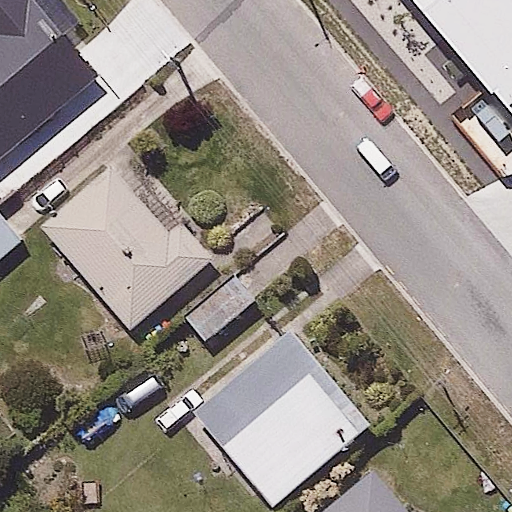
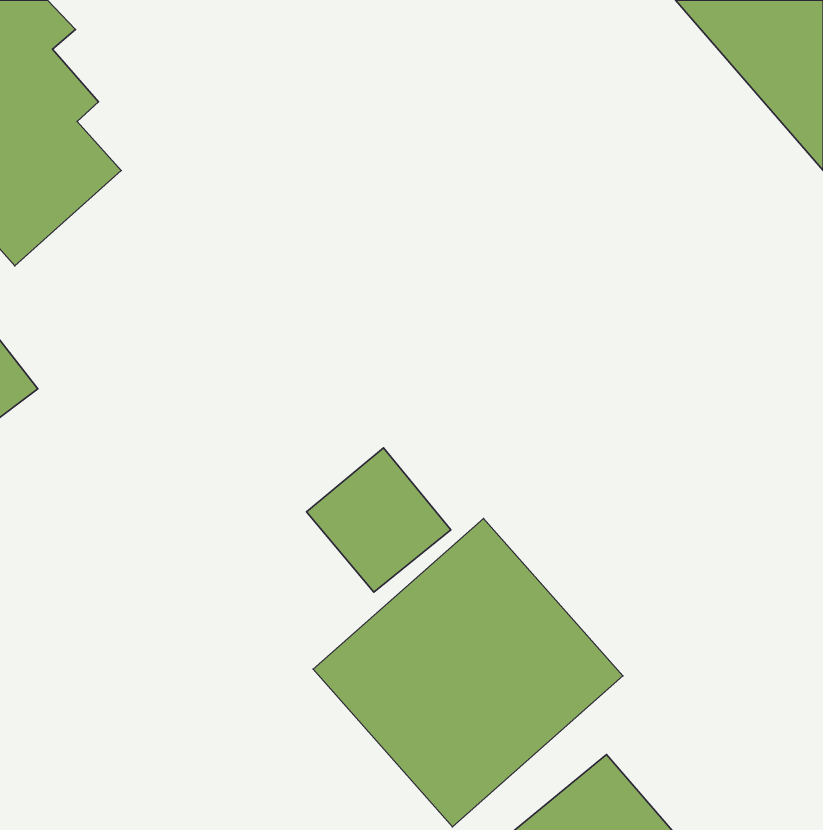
building: [39,164,221,330] -> none

